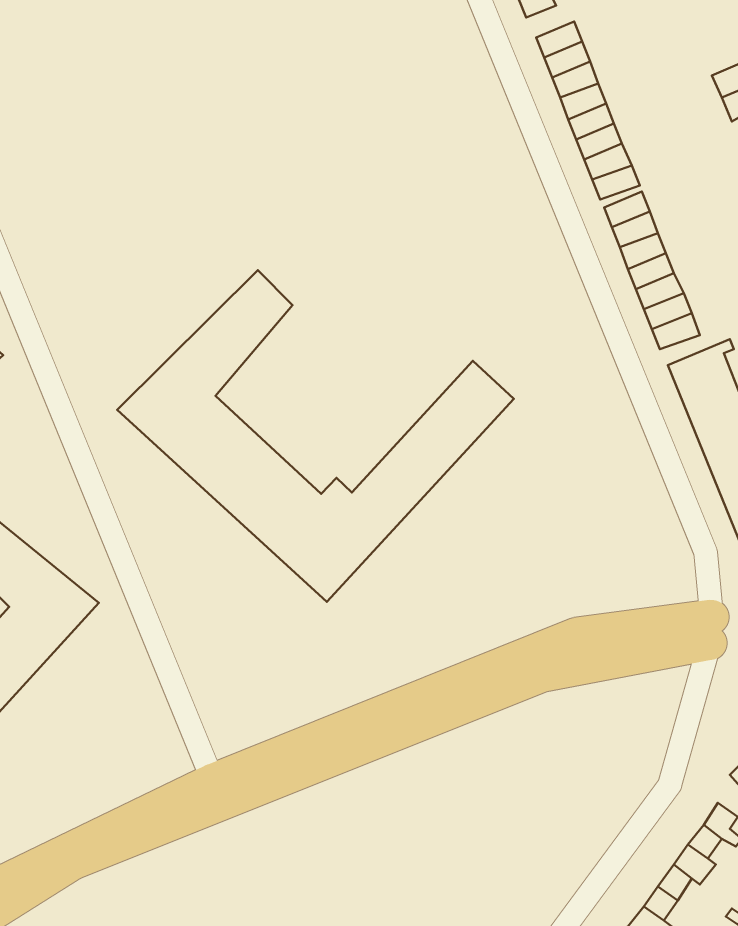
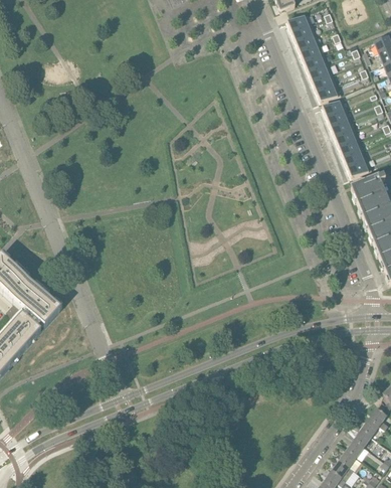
building: [117,270,514,602] -> none

